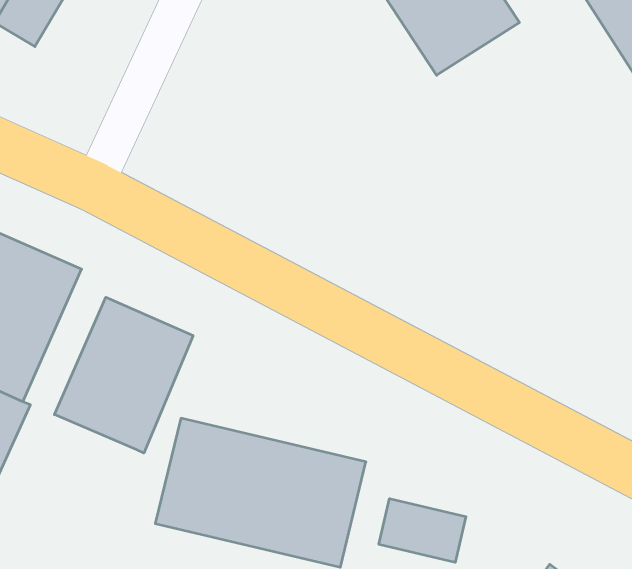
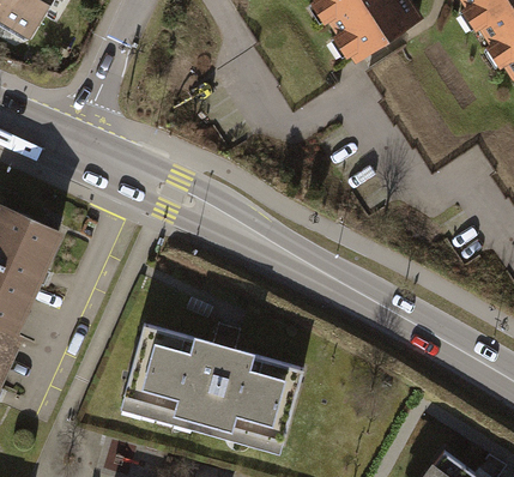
building: [54,297,193,453] -> none
building: [379,499,466,562] -> none

